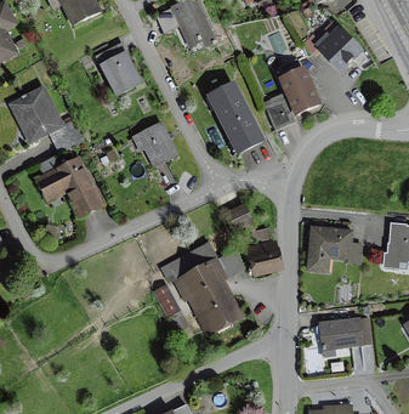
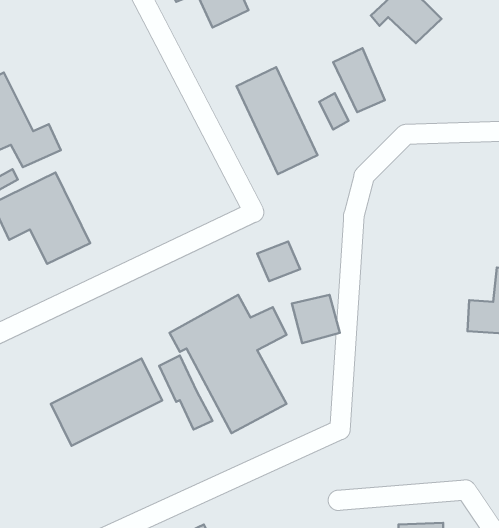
building: [93,41,142,97] -> none
building: [134,124,181,175] -> none
building: [305,226,353,271] -> none
building: none -> [51,358,162,446]
building: [318,314,371,351] -> none

